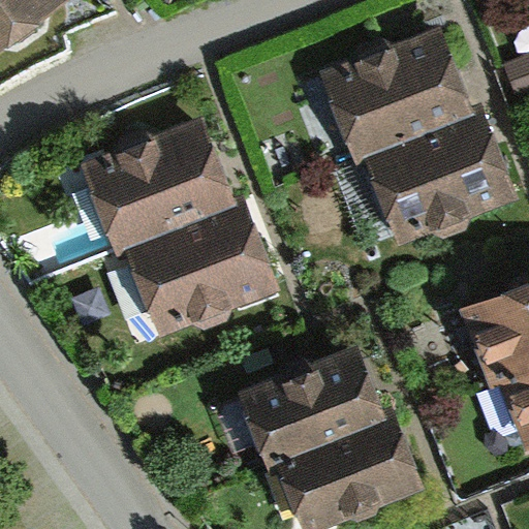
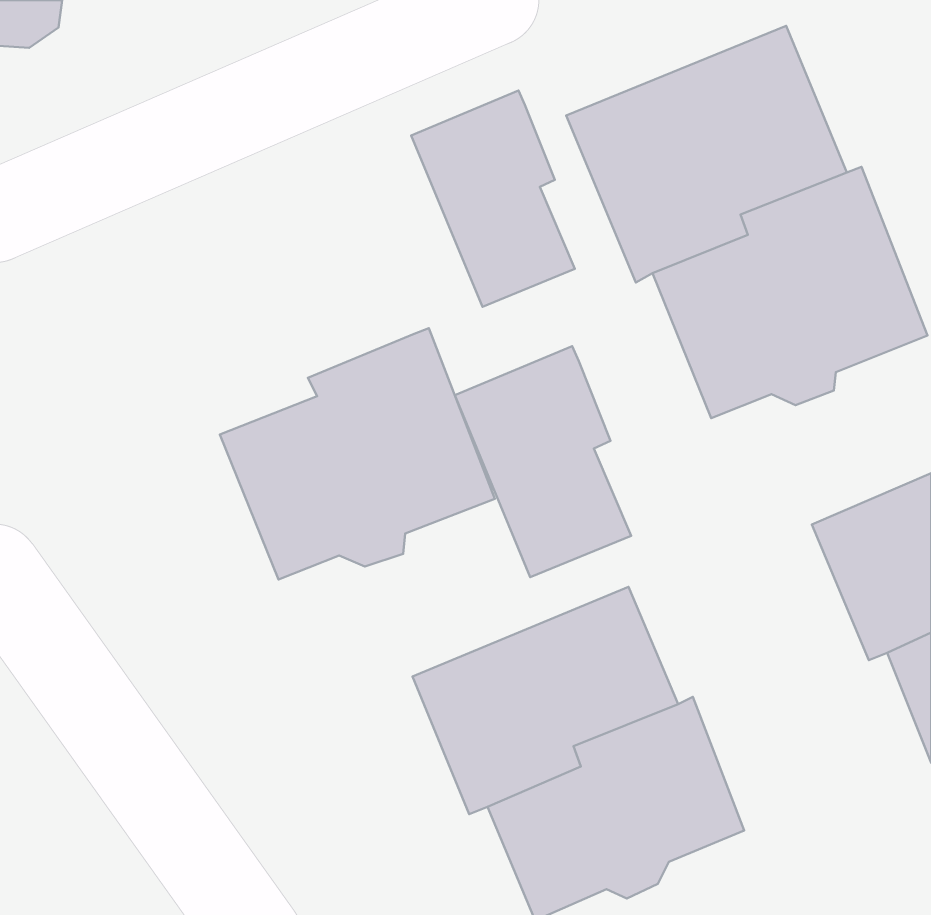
building: none -> [411,90,575,307]
building: [75,118,234,262] -> none
building: none -> [455,346,631,577]

